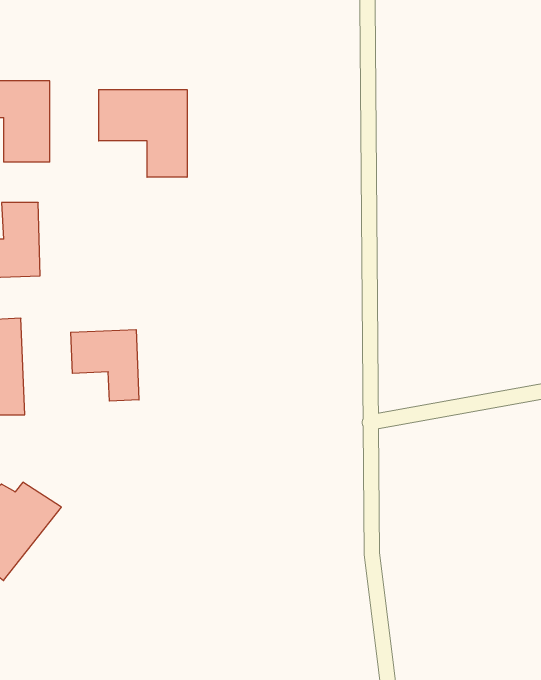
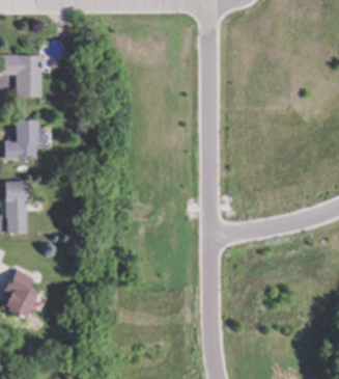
building: [99,90,187,177] -> none
building: [71,330,139,401] -> none

